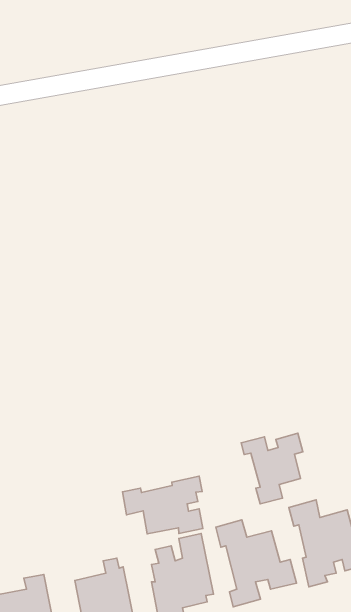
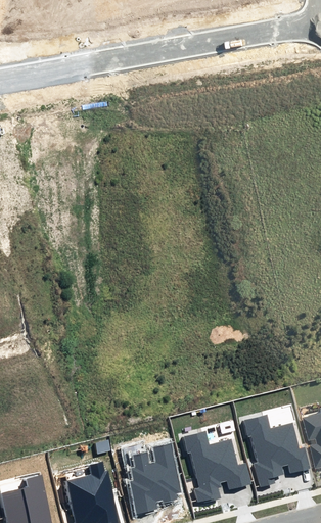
building: [241,433,303,504] -> none
building: [122,476,203,534] -> none

